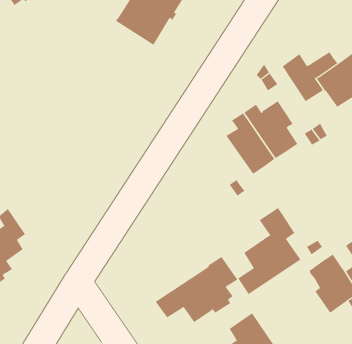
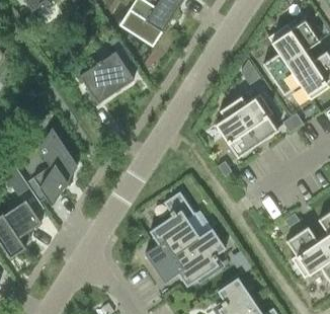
building: none -> [268,19,319,63]
building: none -> [79,51,134,103]
building: none -> [33,128,77,205]
building: [238,207,301,295] -> [145,191,199,267]

